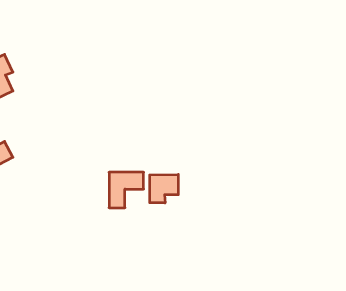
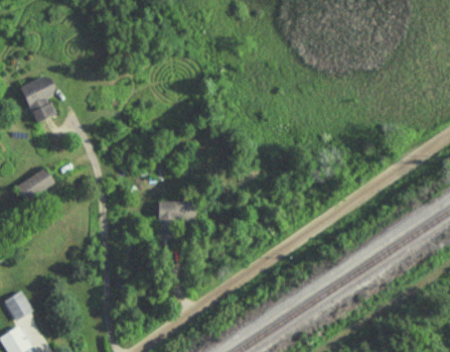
building: [150,174,178,203] -> none

